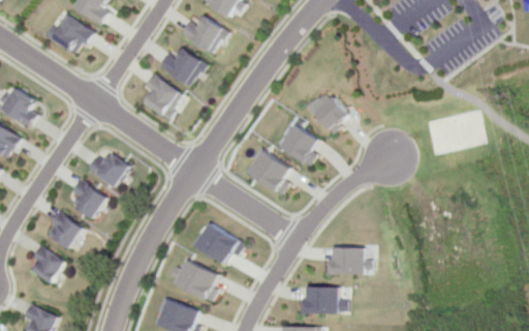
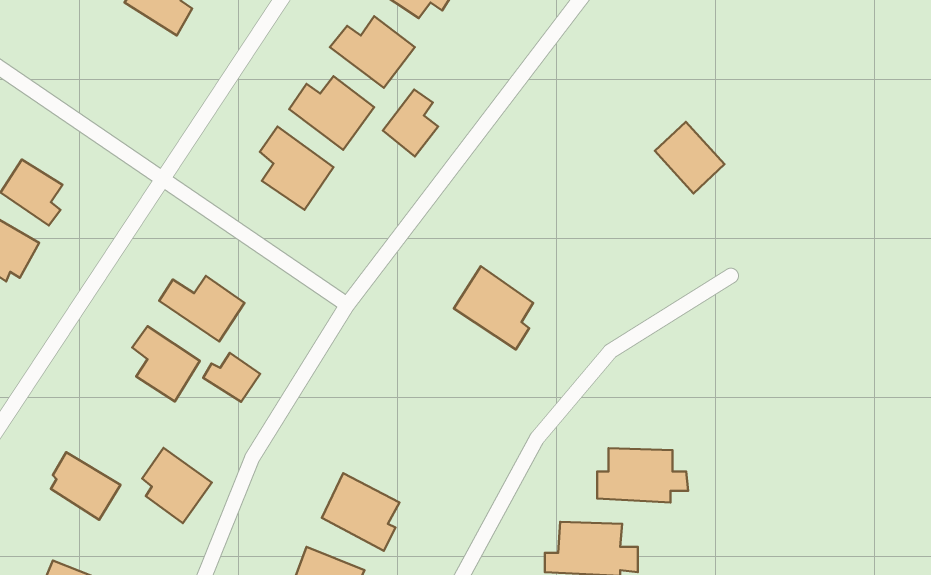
building: [50,16,90,55] -> none
building: none -> [383,89,438,157]
building: [311,94,348,132] -> [655,122,725,193]
building: [279,124,317,164] -> none
building: none -> [203,353,260,402]
building: [50,211,87,251] -> [142,448,212,523]
building: [194,221,242,264] -> none

